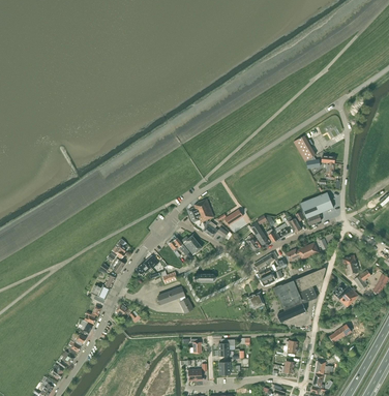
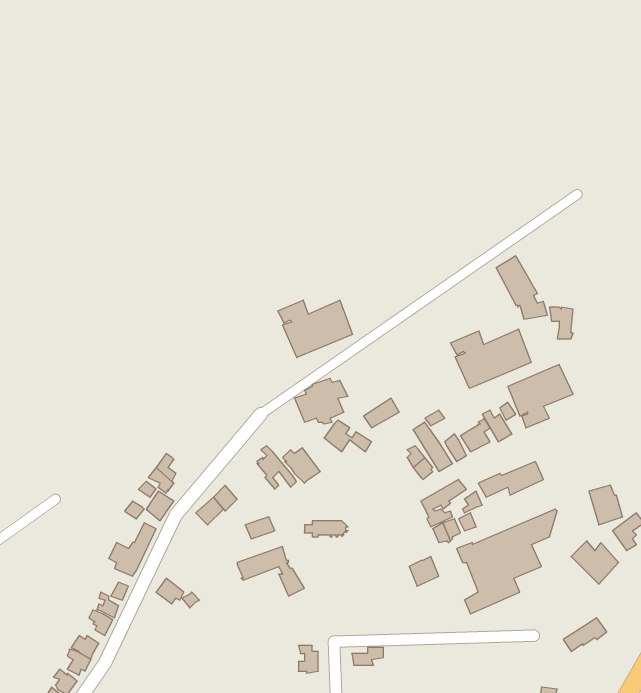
building: none -> [278,300,353,358]
building: none -> [451,329,531,388]

